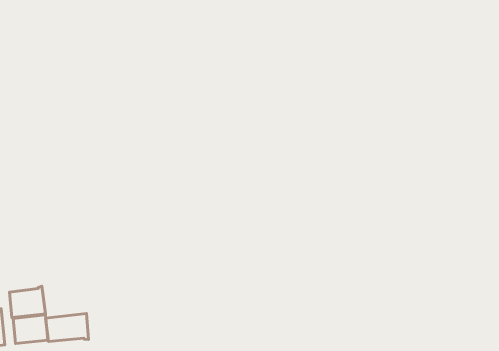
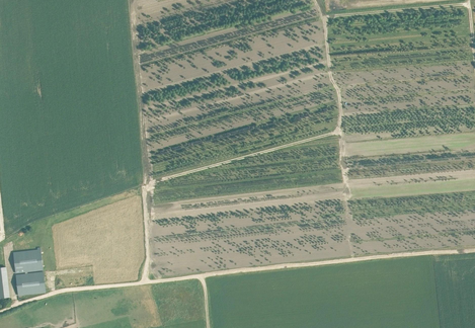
building: [46,314,89,342] -> none

